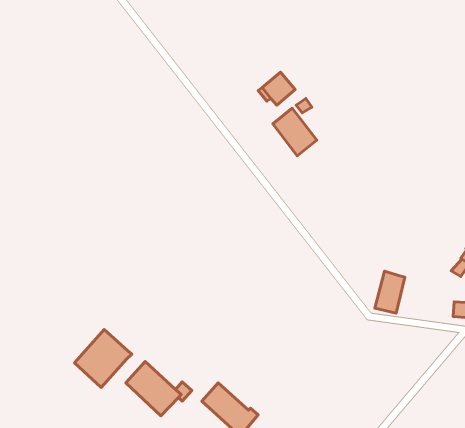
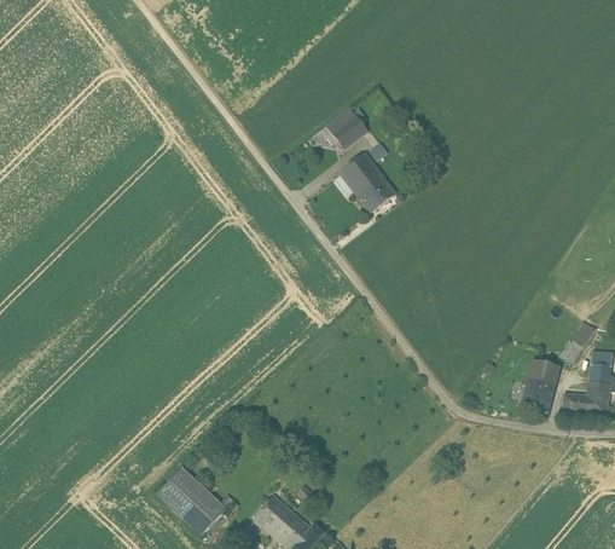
building: [375,271,405,313] -> [521,357,558,409]
building: [74,330,132,388] -> none

